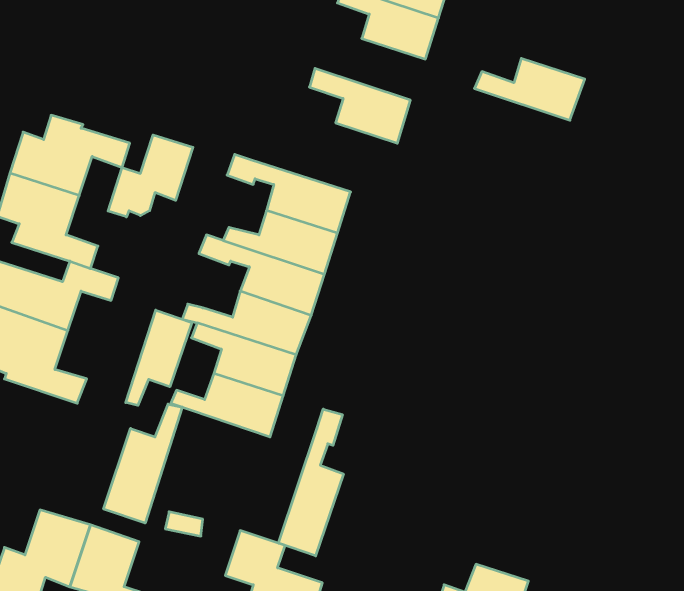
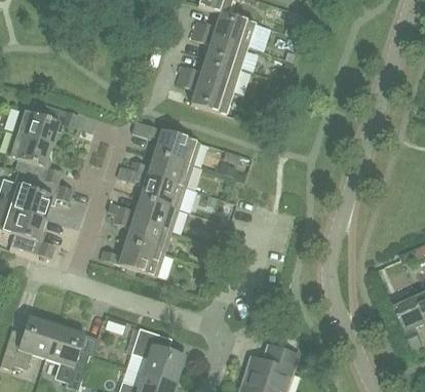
building: [474,58,585,120] -> [180,57,240,91]
building: [108,135,193,217] -> none
building: [126,310,192,405] -> none
building: [104,404,182,523] -> none
building: [279,409,343,556] -> none

